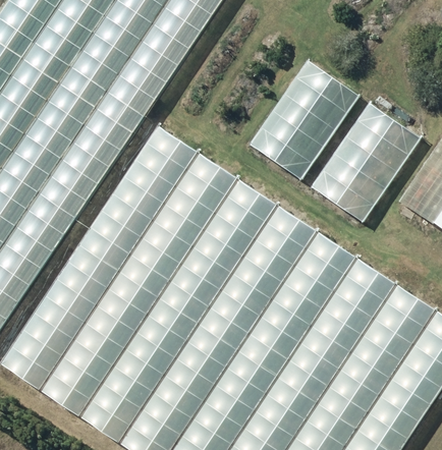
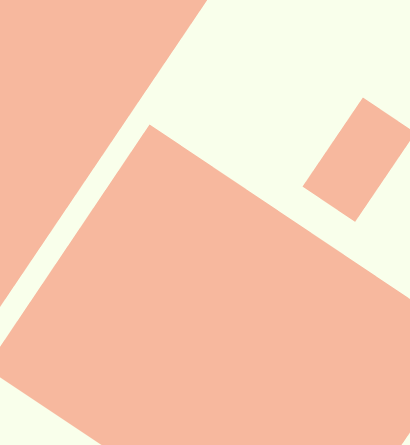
building: [250,56,363,180] -> none

